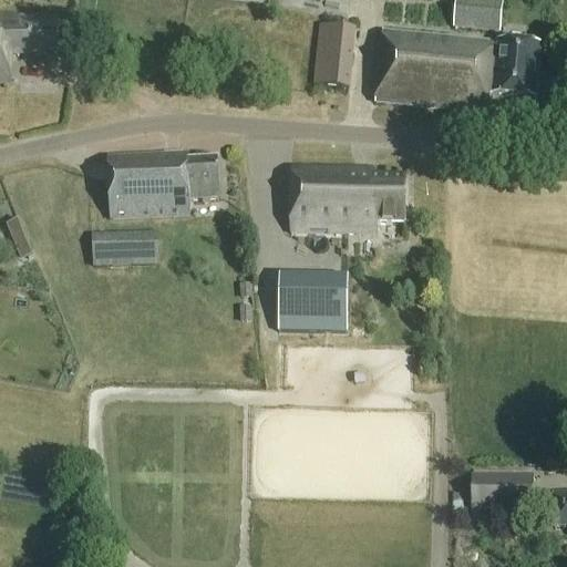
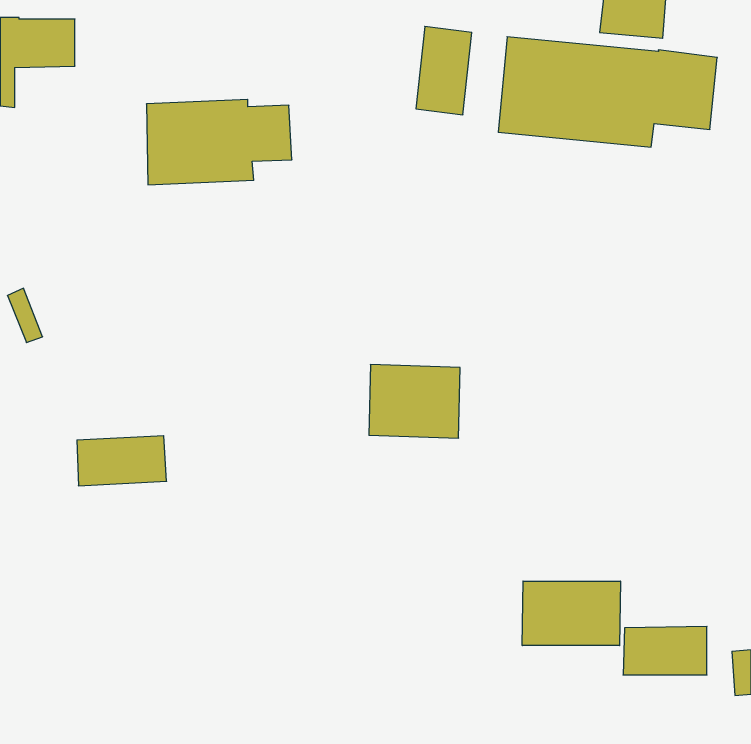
building: [110,151,219,215] -> [146,99,292,185]
building: [290,166,404,231] -> none
building: [91,228,158,266] -> [77,436,167,486]
building: none -> [522,581,620,646]

